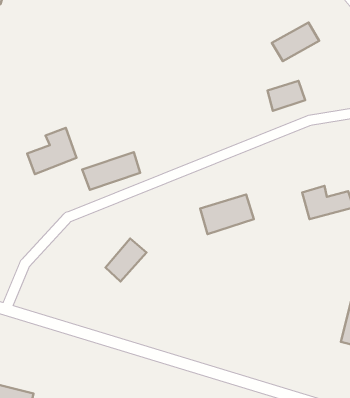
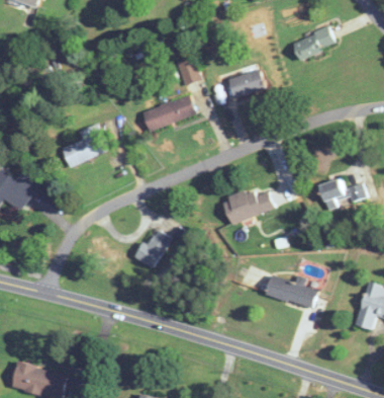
building: none -> [178,58,197,84]
building: [268,81,305,111] -> [228,69,264,97]
building: [82,152,140,190] -> [141,95,196,131]
building: none -> [265,274,317,308]

